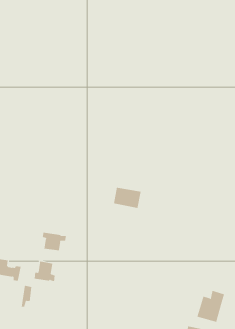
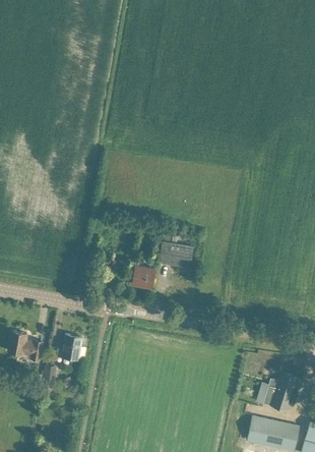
building: none -> [130,257,153,287]
building: [42,232,67,251] -> none

